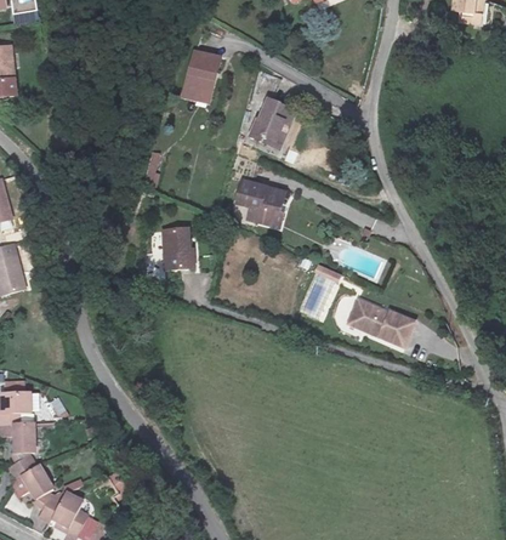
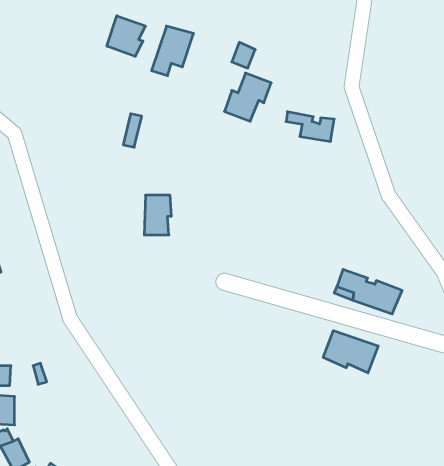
building: none -> [107,16,145,56]
building: [235,188,283,217] -> [286,112,334,141]
building: none -> [323,331,378,373]

